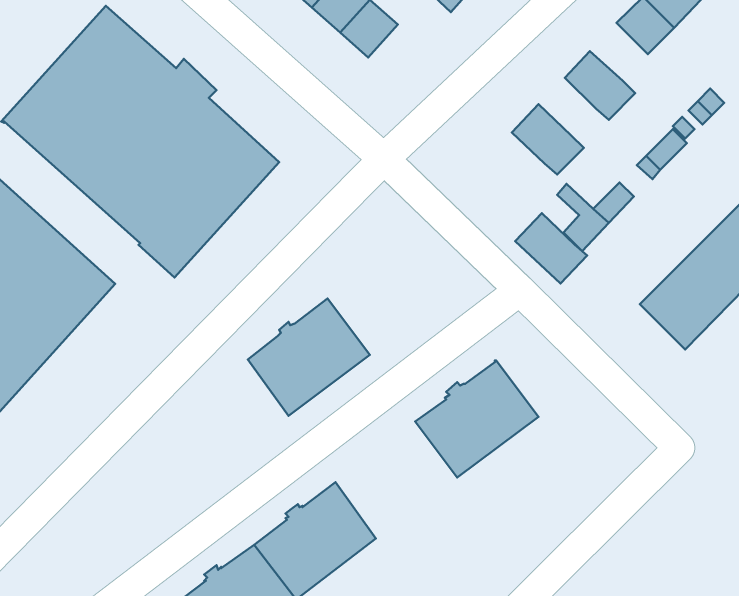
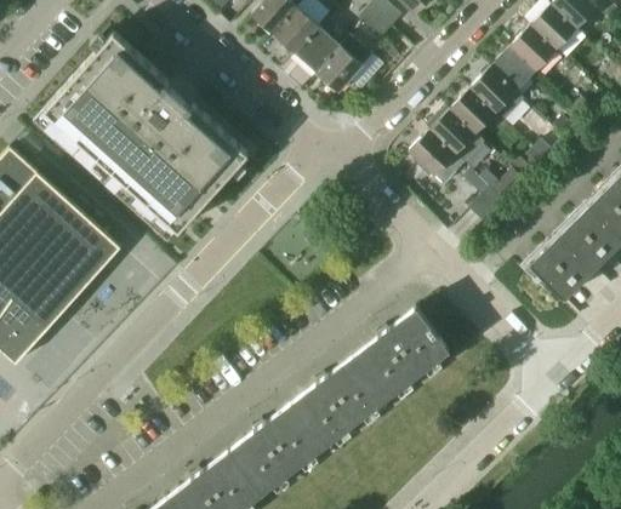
building: none -> [318,38,372,93]
building: none -> [490,47,535,92]
building: none -> [450,90,495,135]
building: [515,213,587,284] -> [409,132,465,187]
building: [248,299,370,416] -> [292,356,387,447]

